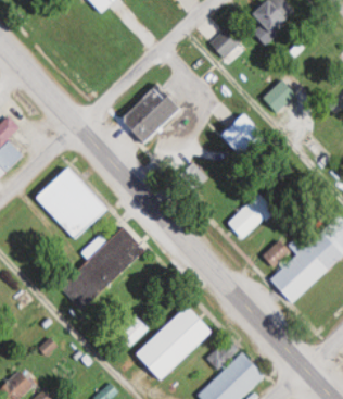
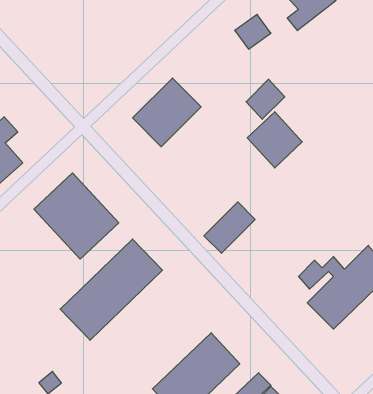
building: [259,78,293,113] -> [246,79,285,119]
building: [227,195,271,239] -> [204,202,255,253]

